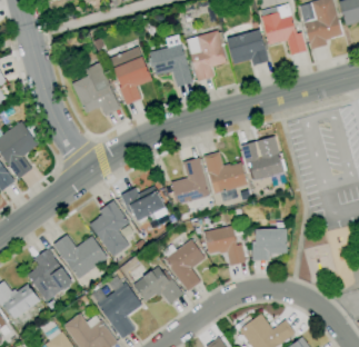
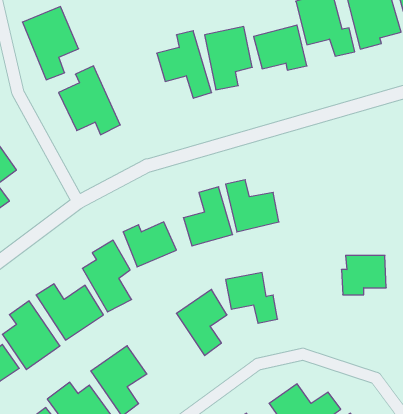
building: [108,47,152,105] -> [22,7,79,80]
building: [241,136,285,181] -> none
building: [251,229,287,260] -> [341,255,386,295]
building: [132,265,182,305] -> none

